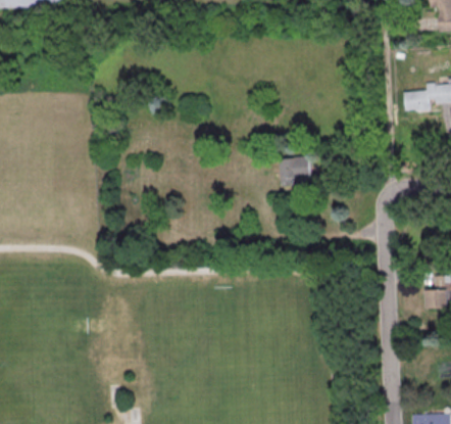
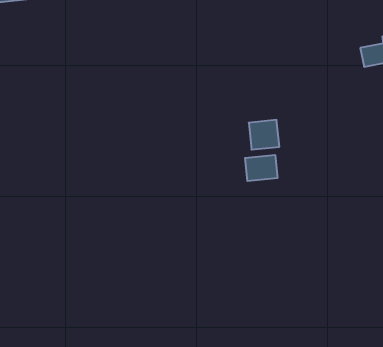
building: none -> [245,155,277,181]

